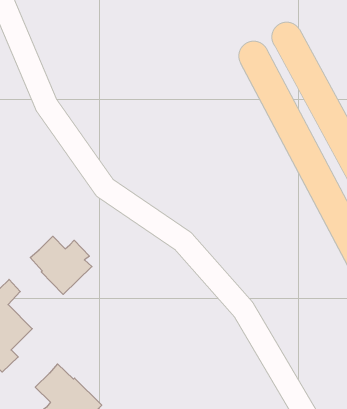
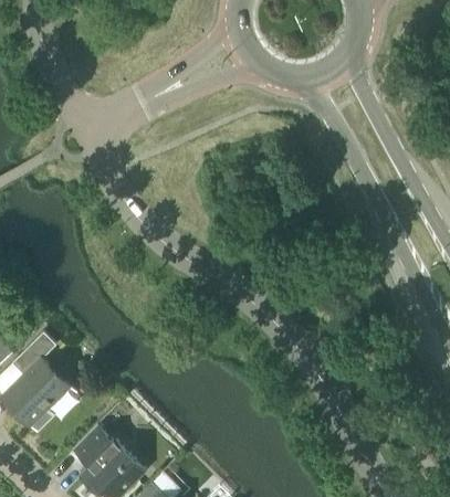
building: [30,236,92,294] -> none

